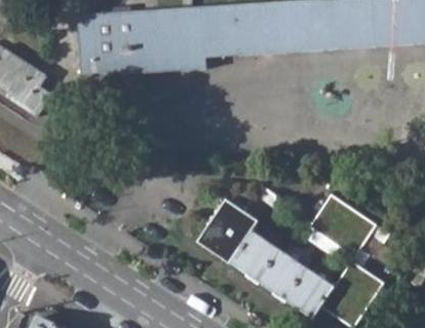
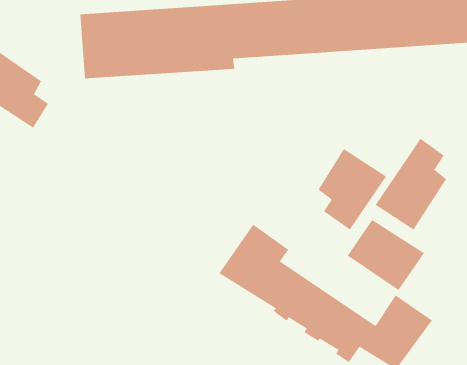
building: none -> [375,138,447,230]
building: none -> [318,148,387,230]

